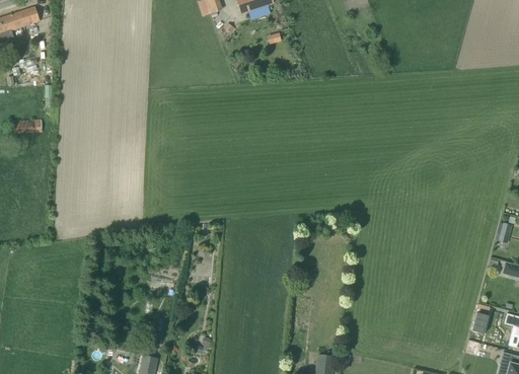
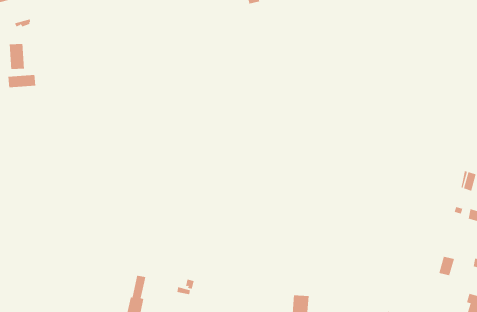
building: none -> [9,43,25,70]

